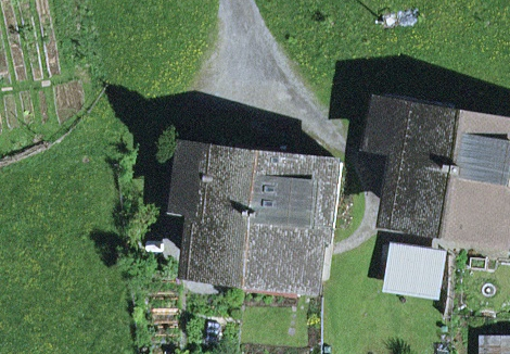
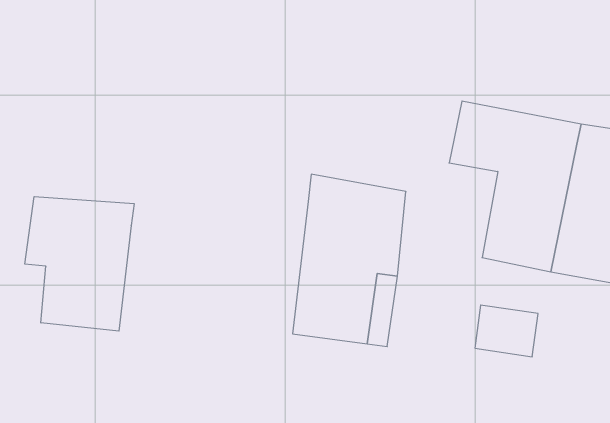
building: [175,144,264,276] -> none
building: none -> [25,197,134,331]

